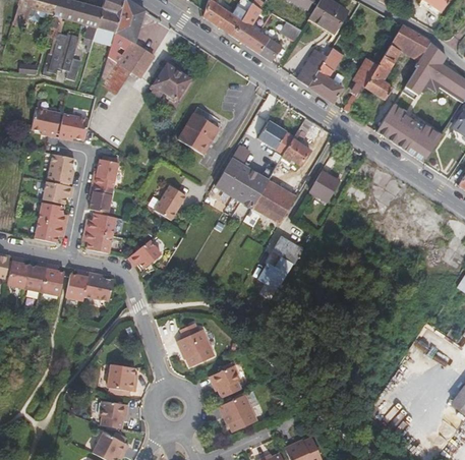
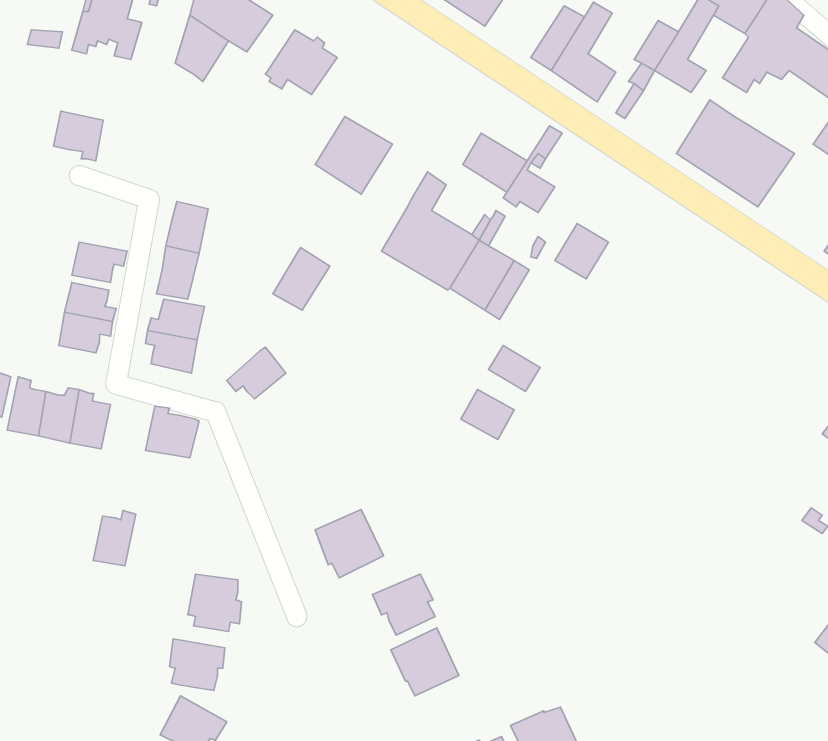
building: [59,114,88,138] -> none
building: [48,154,73,183] -> none
building: [65,270,89,300] -> [93,511,136,566]

